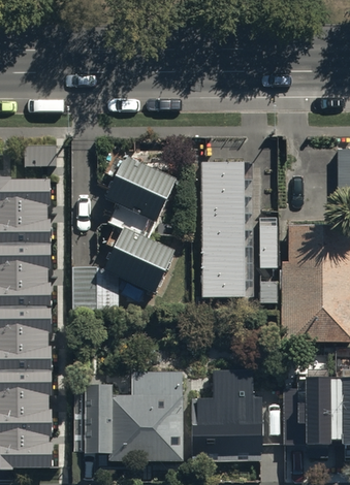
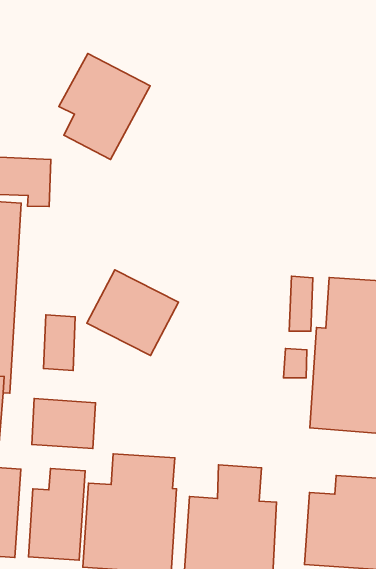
building: [105,156,174,236] -> [59,53,150,160]
building: [201,161,246,298] -> none
building: none -> [32,399,96,449]

